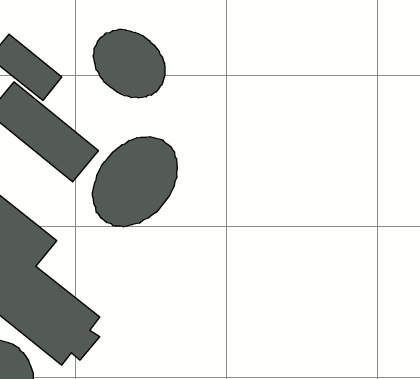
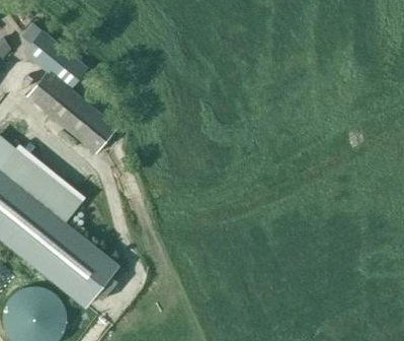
building: [93,29,165,98] -> none
building: [92,137,177,227] -> none

